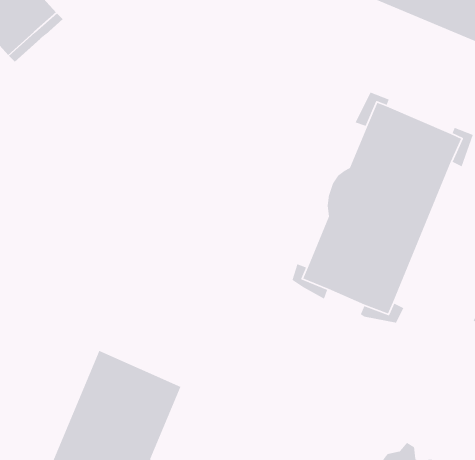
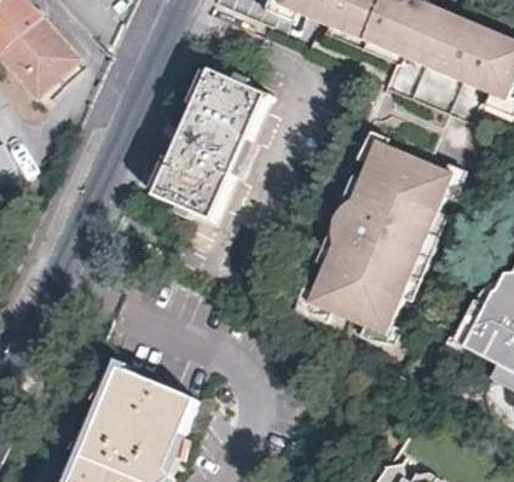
building: none -> [151,66,266,222]

